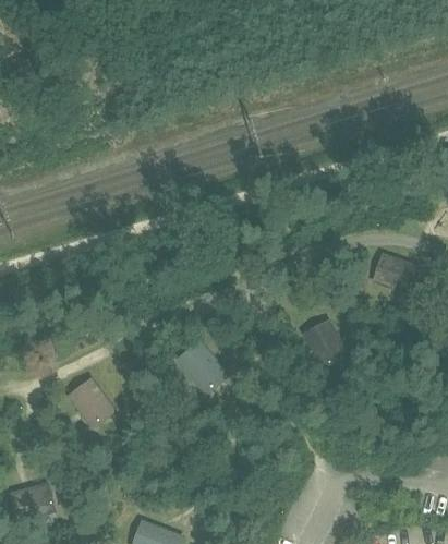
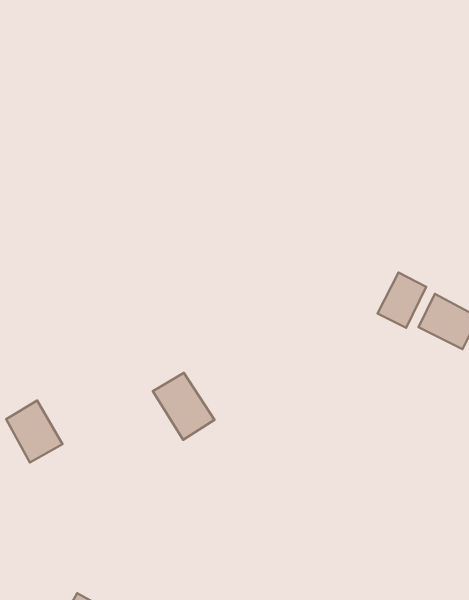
building: none -> [377,272,426,328]
building: [304,321,347,367] -> none

